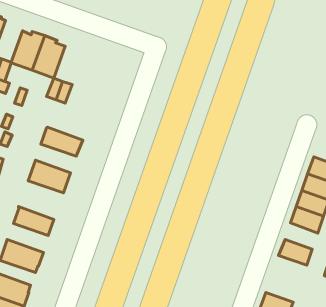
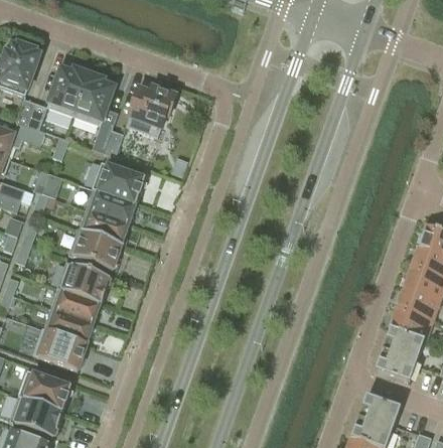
building: none -> [126,86,175,136]
building: none -> [93,161,146,202]
building: none -> [78,207,129,244]
building: none -> [56,260,111,302]
building: none -> [391,306,432,339]
building: none -> [42,307,94,343]
building: none -> [376,347,418,381]

